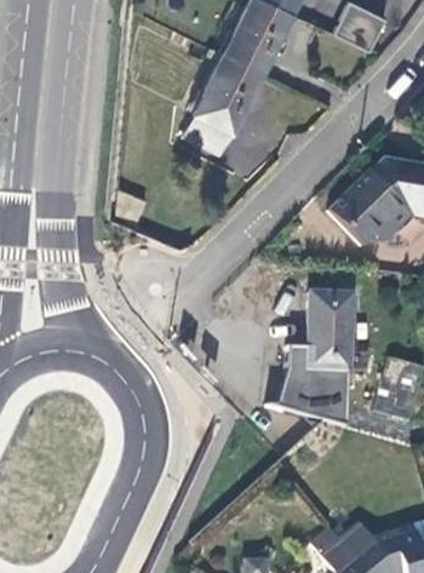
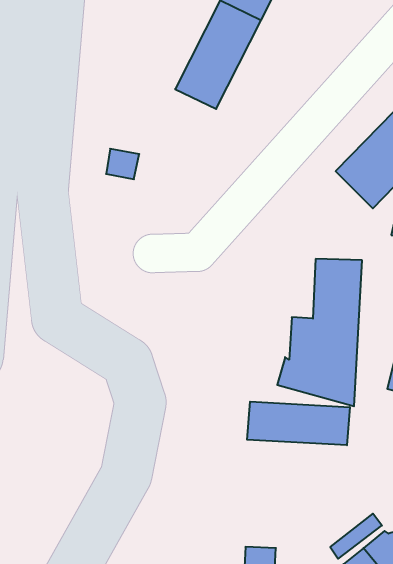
building: none -> [247,402,350,445]

